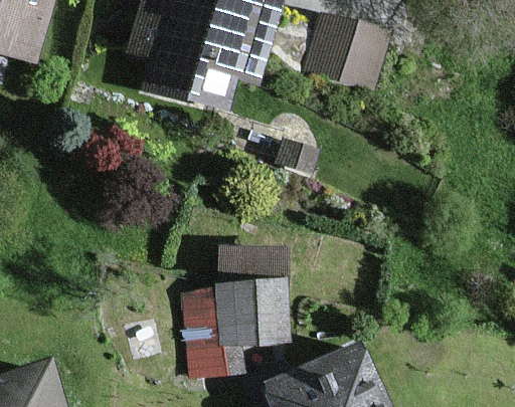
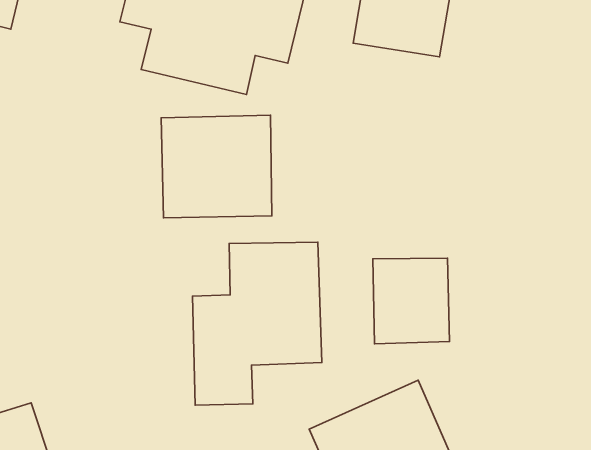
building: none -> [161,115,272,218]
building: none -> [373,258,450,344]

